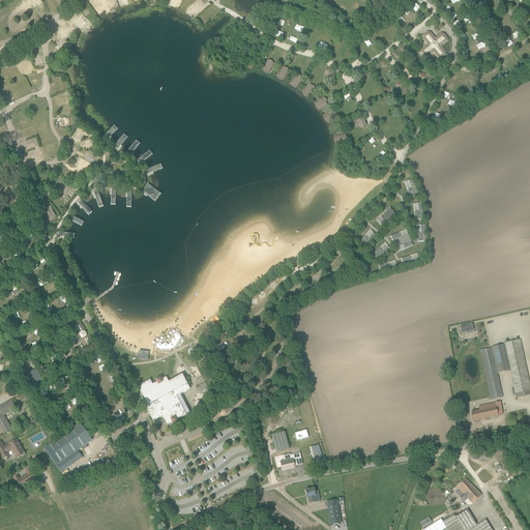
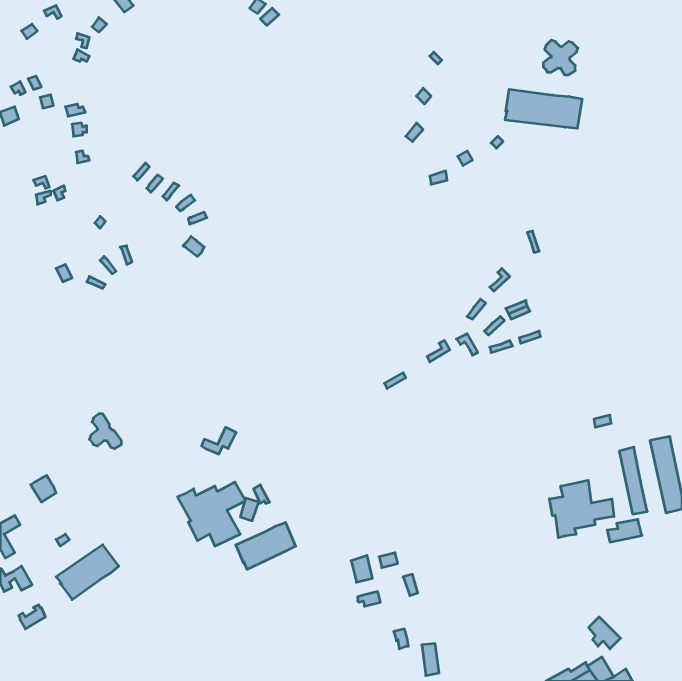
building: none -> [505,89,582,128]
building: none -> [549,480,614,538]
building: none -> [236,522,296,569]

